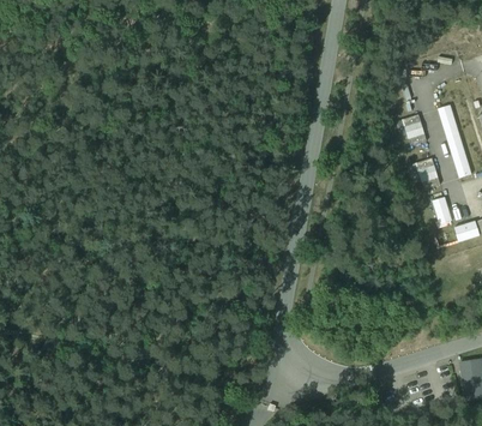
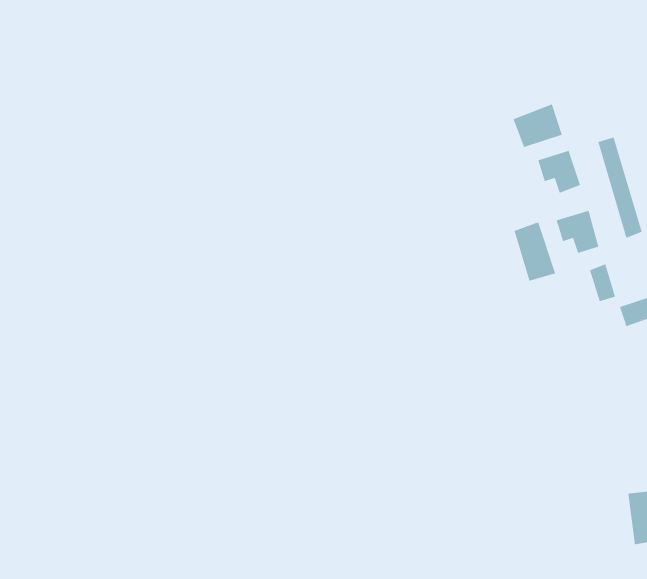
building: none -> [513,104,563,148]
building: none -> [514,222,556,282]

